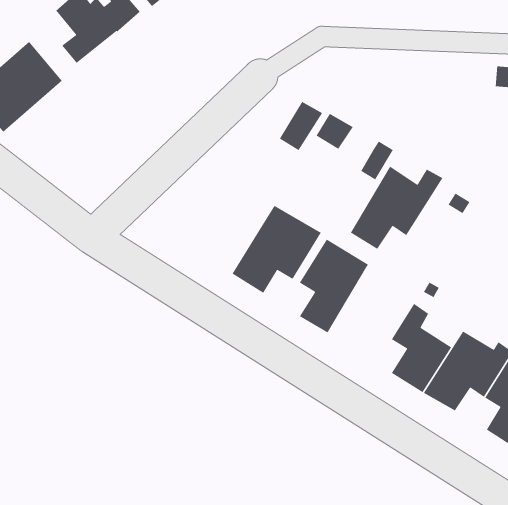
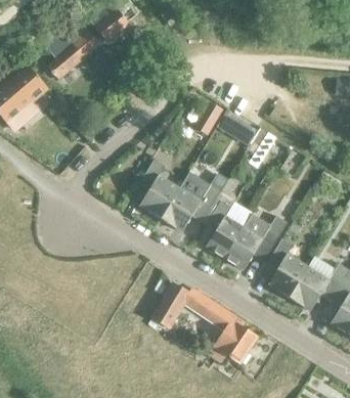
building: [350,166,443,250] -> [226,214,289,270]
building: none -> [140,160,180,219]
building: none -> [151,285,257,364]

